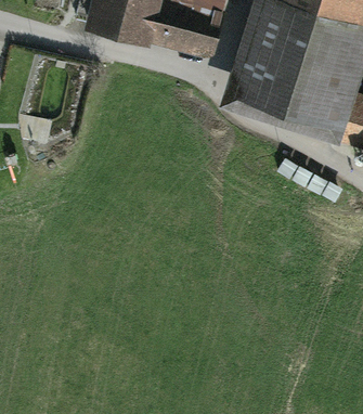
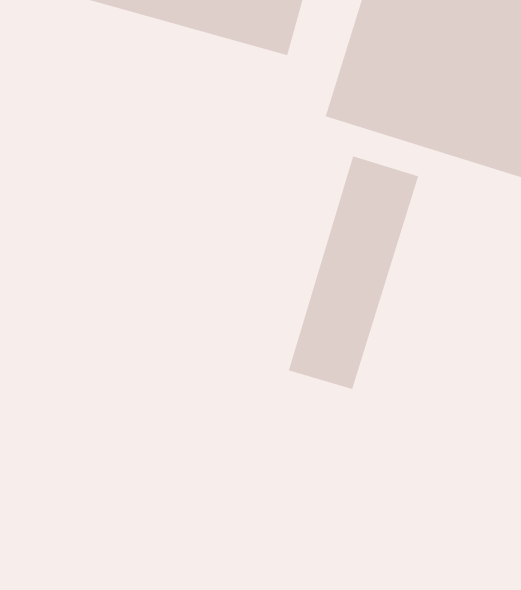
building: none -> [288,156,419,390]

